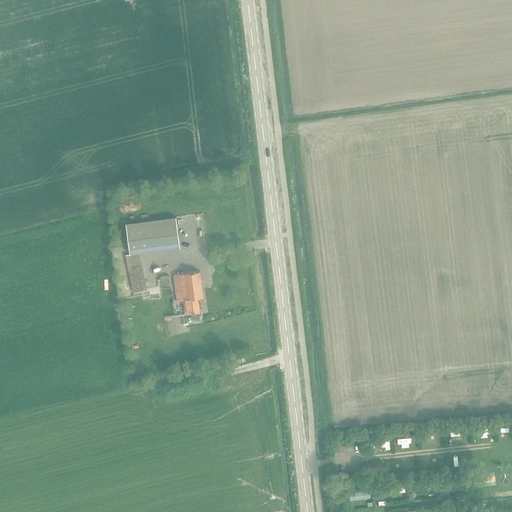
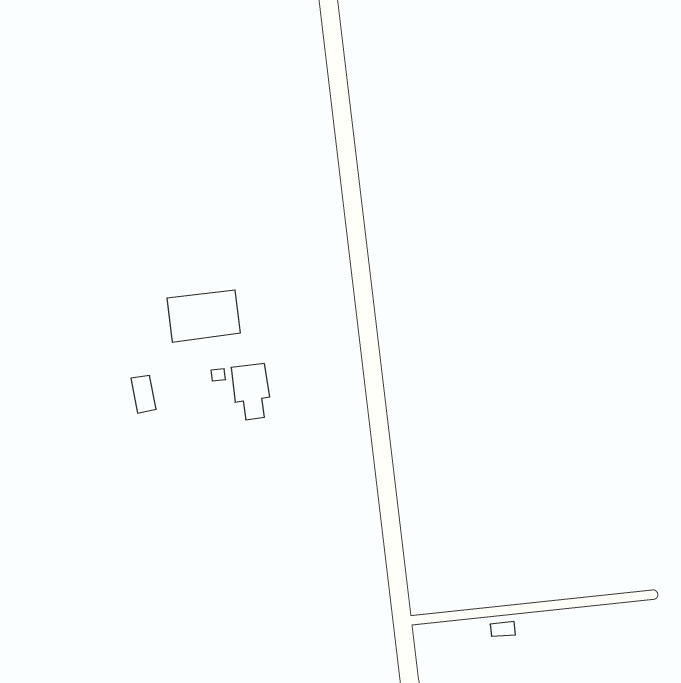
building: [126,264,145,292] -> [131,376,156,413]

